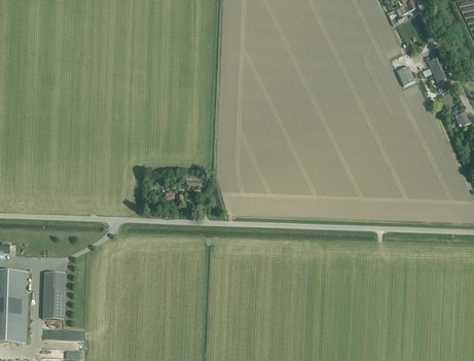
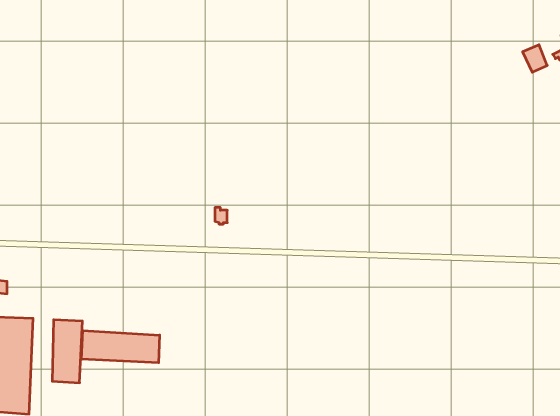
building: none -> [82,330,160,363]

